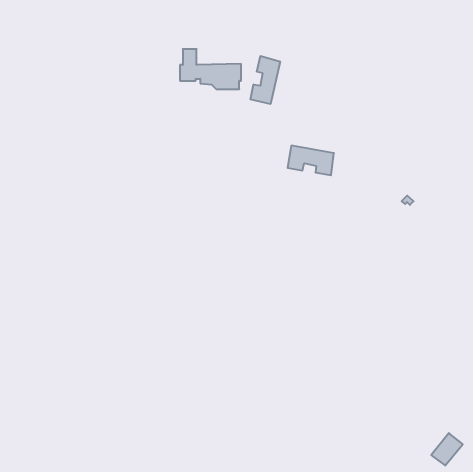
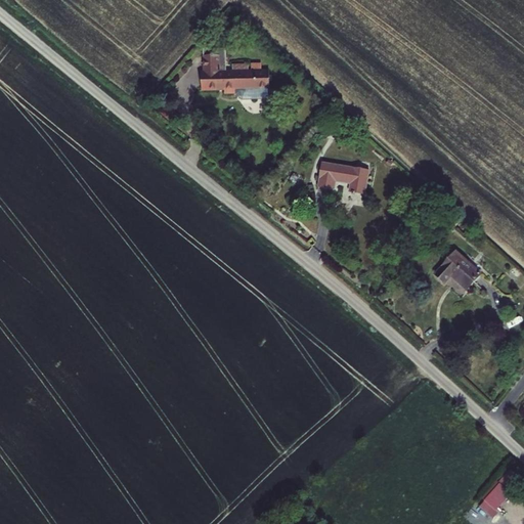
building: [250,56,280,104] -> none
building: none -> [435,251,480,288]

